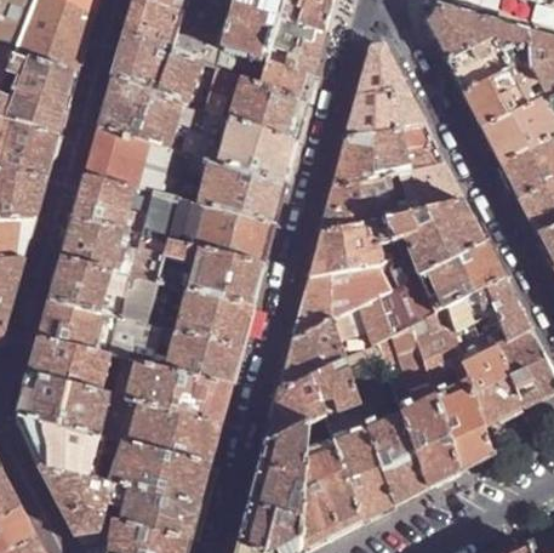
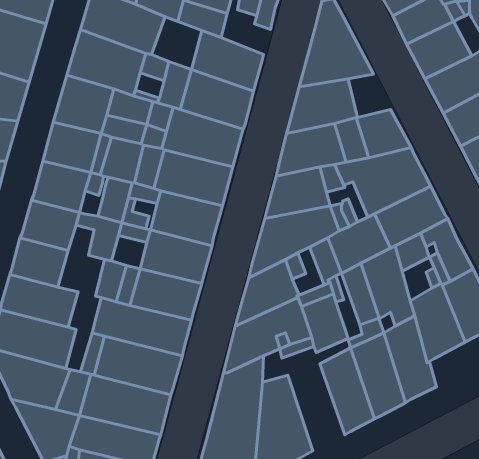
building: [263,57,315,102] -> none
building: [205,67,242,118] -> none
building: [398,122,442,169] -> none
building: [90,309,139,358] -> none
building: [333,429,394,521] -> none

